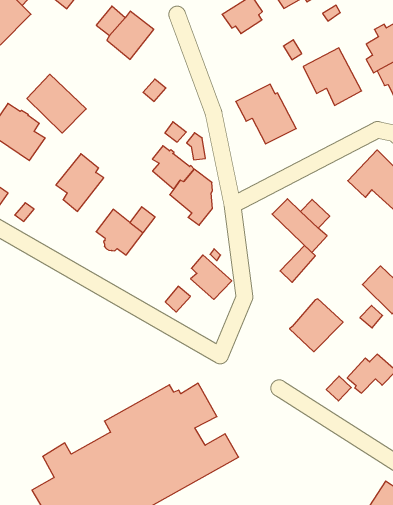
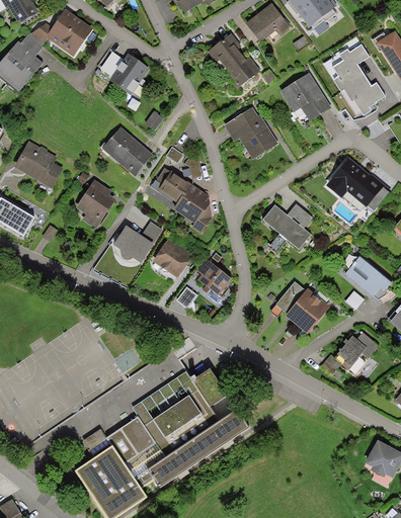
building: none -> [224,53,260,88]
building: [27,74,86,133] -> [101,126,153,176]
building: none -> [152,239,192,277]
building: [280,246,315,282] -> [275,281,305,314]

